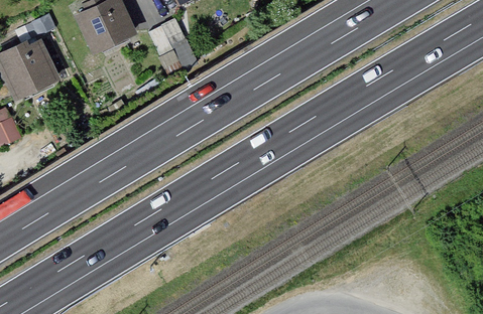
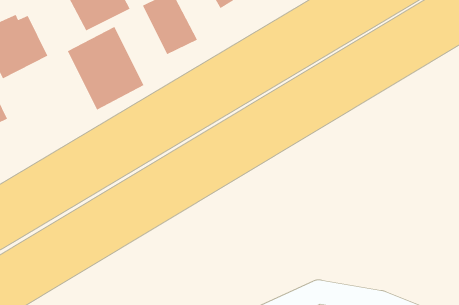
building: none -> [67,26,144,110]

